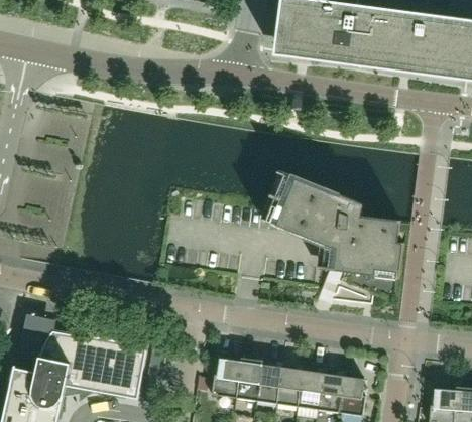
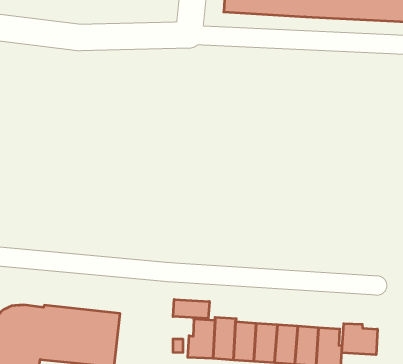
building: [262,170,403,304] -> none
building: none -> [173,299,209,319]
building: none -> [342,324,377,355]

